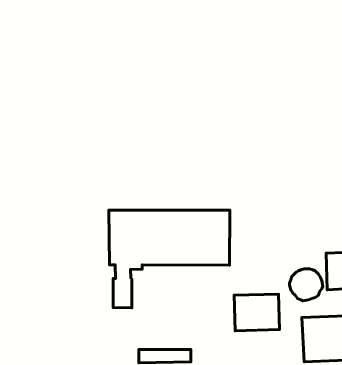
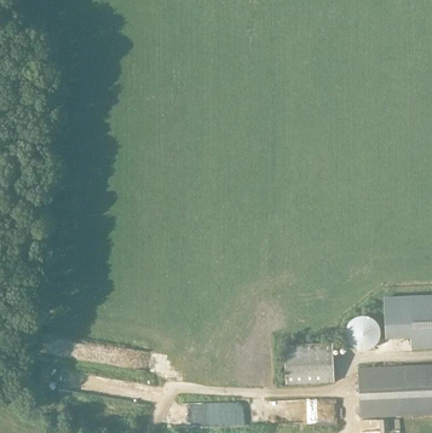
building: [109,210,230,308] -> none

